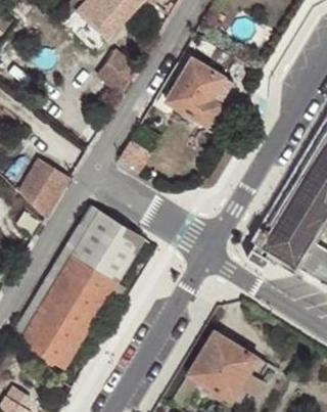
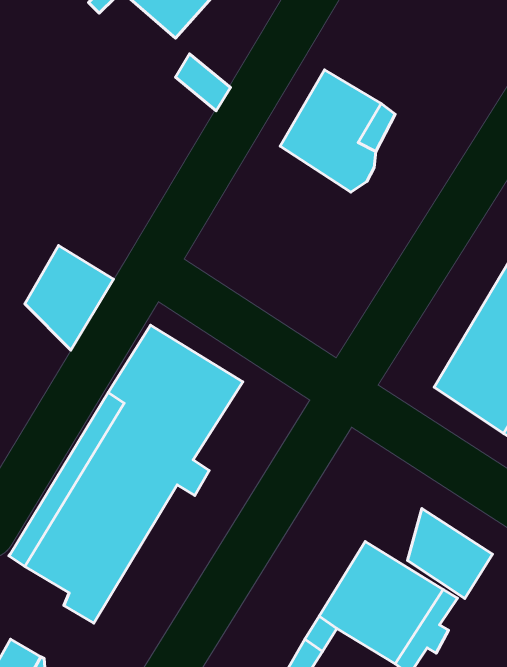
building: none -> [407,509,493,599]

